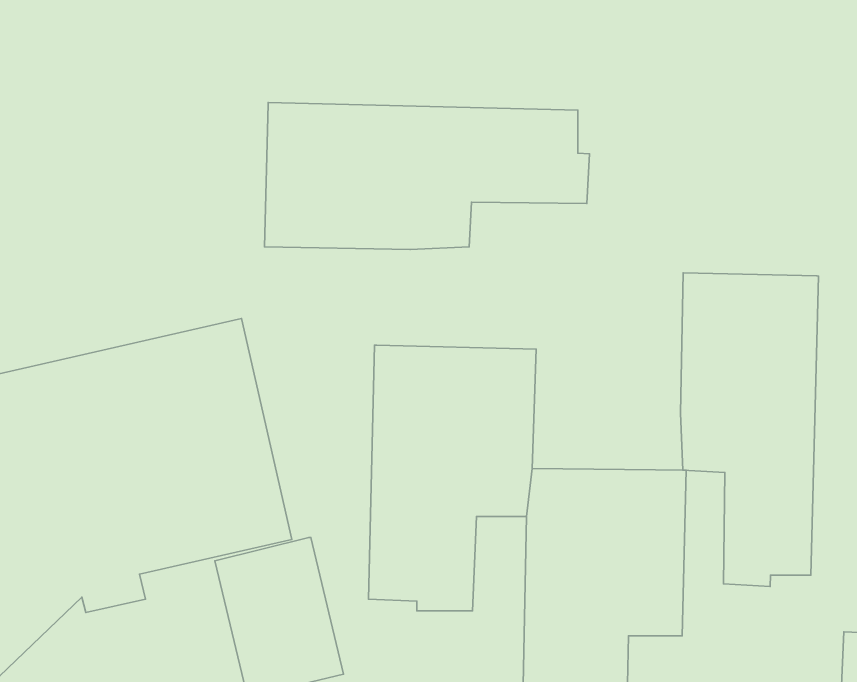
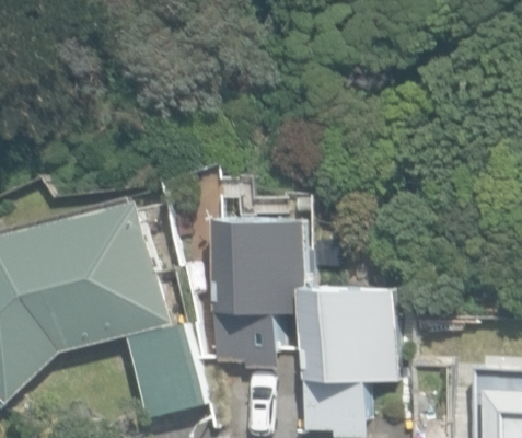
building: [265,102,590,250] -> none
building: [680,273,818,586] -> none

